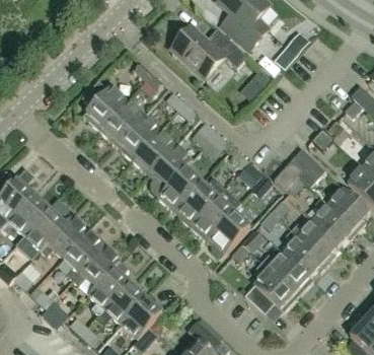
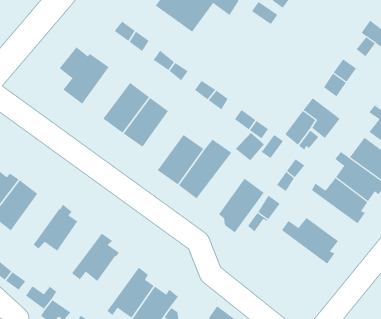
building: [99,100,143,145] -> none
building: [148,145,192,196] -> none
building: [191,188,241,240] -> none
building: [24,199,70,257] -> none
building: [285,228,329,276] -> none
building: [63,233,103,278] -> none
building: [242,261,299,310] -> none
building: [89,262,133,314] -> none

